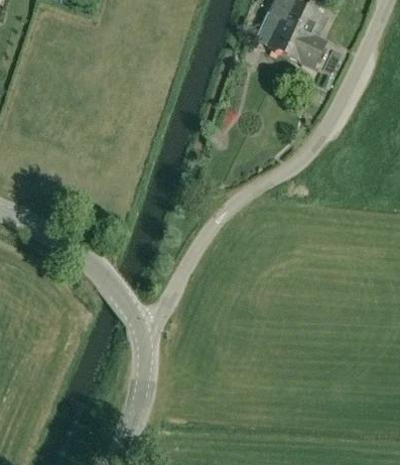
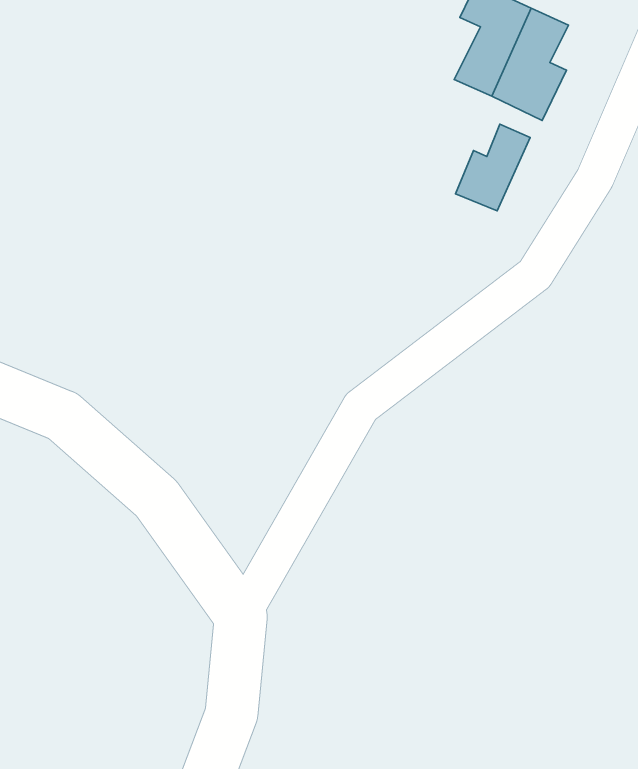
building: none -> [455,124,530,211]

